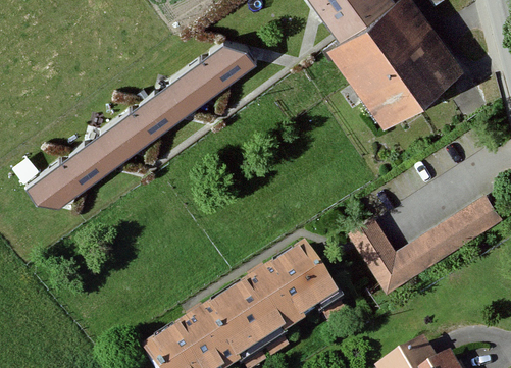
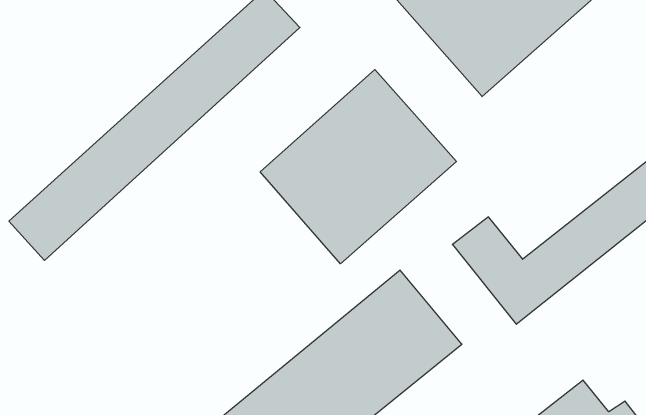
building: none -> [260,70,456,264]

